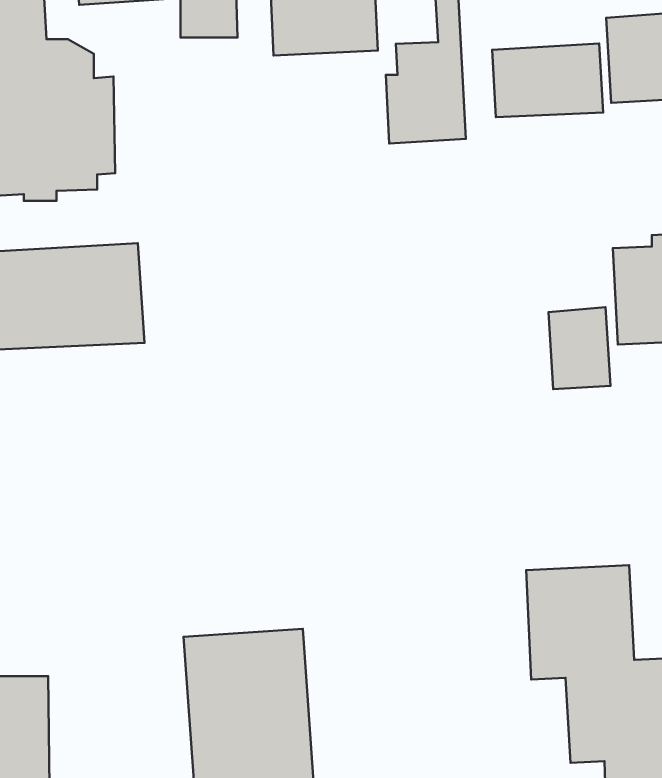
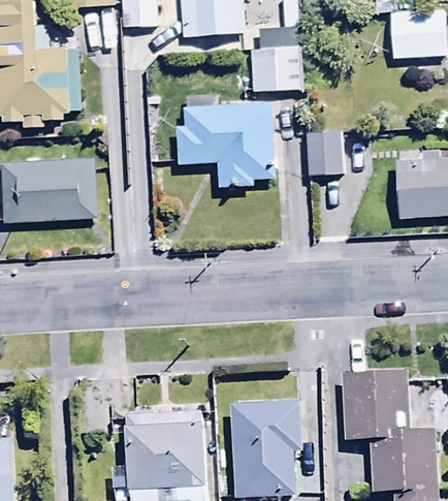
building: [492,44,603,117] -> none
building: none -> [177,91,277,190]
building: [548,307,610,389] -> [306,125,345,177]
building: none -> [228,388,297,490]

